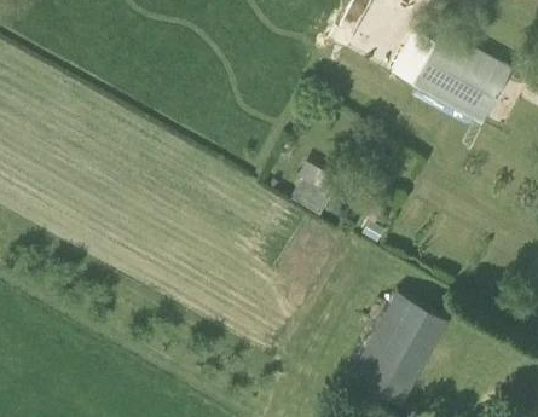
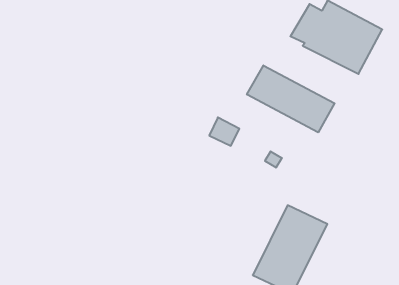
building: none -> [247,65,335,132]

